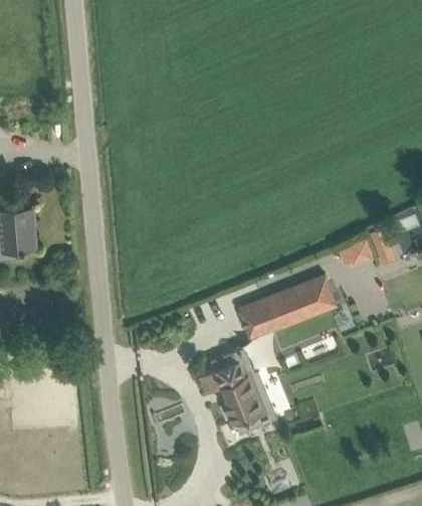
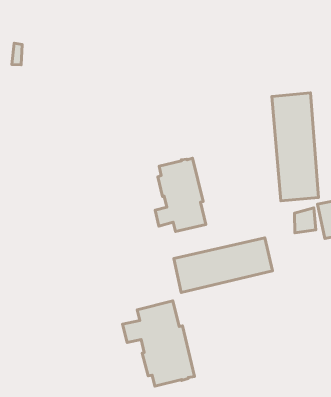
building: none -> [272,93,319,201]
building: none -> [155,158,206,231]

